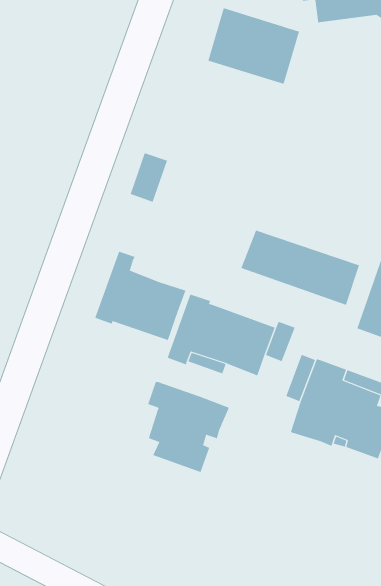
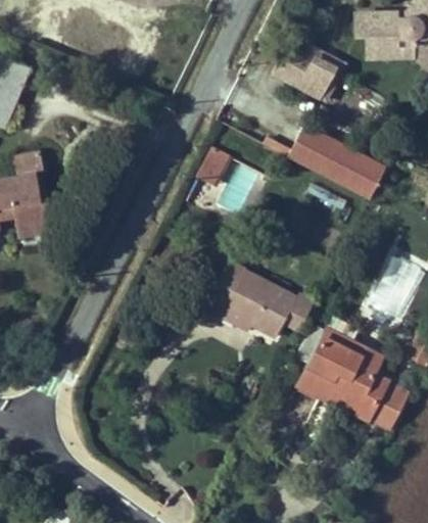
building: [241,230,360,306] -> [281,124,379,195]
building: [95,251,186,341] -> none
building: [147,381,229,473] -> none

